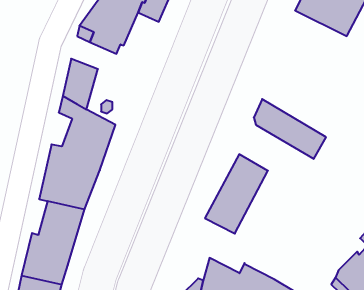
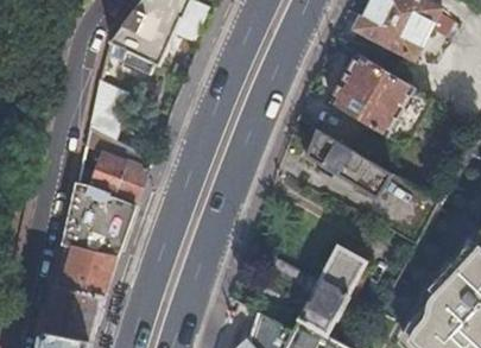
building: none -> [329,51,416,134]
building: [205,154,268,234] -> [298,243,371,335]

